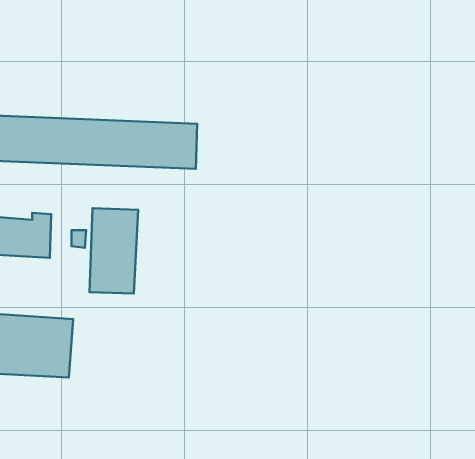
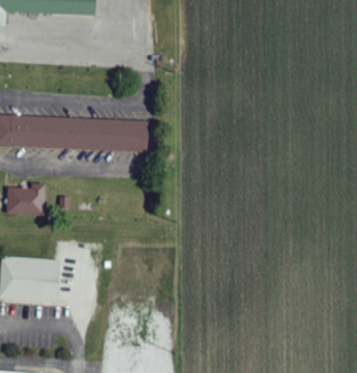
building: [89,208,138,294] -> none

